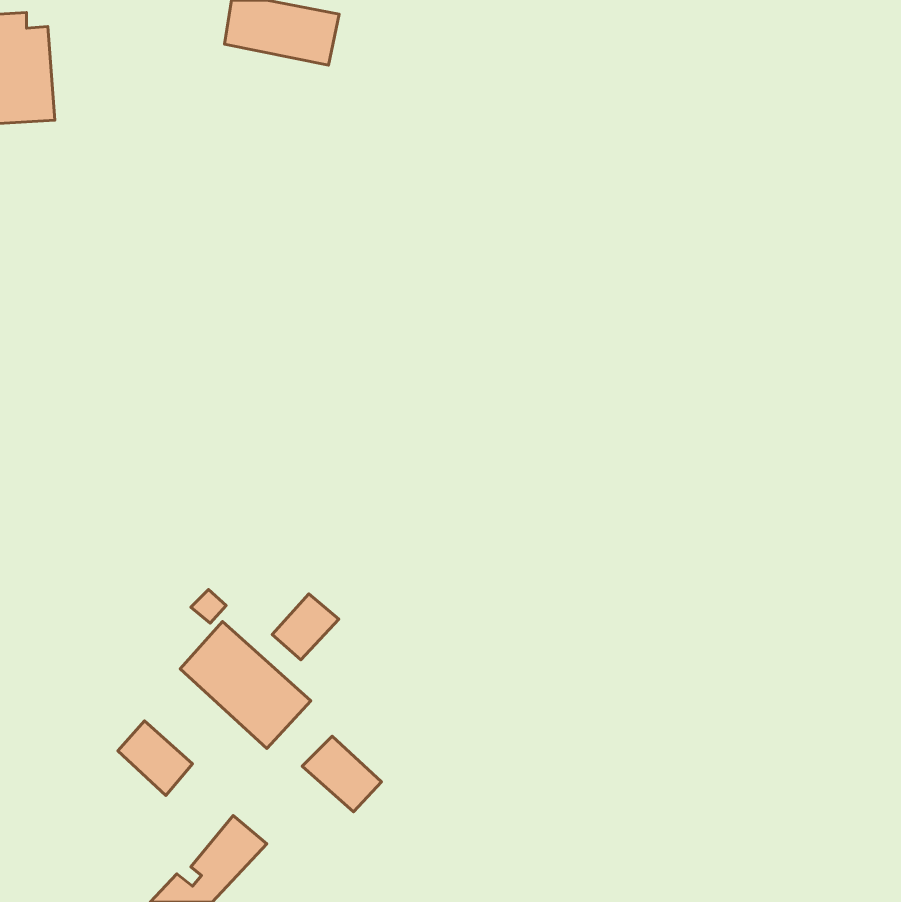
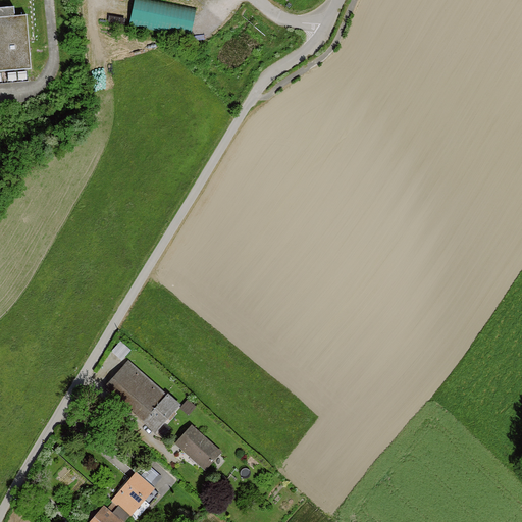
building: [272,594,339,660] -> none
building: [118,721,192,796] -> none

